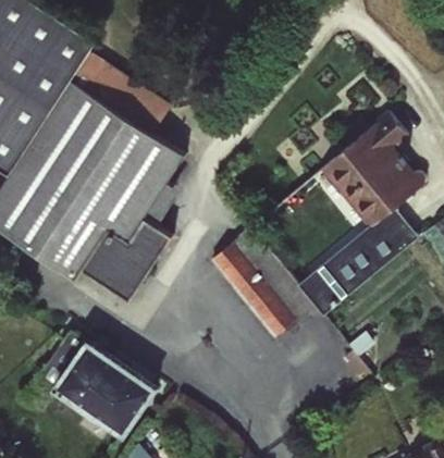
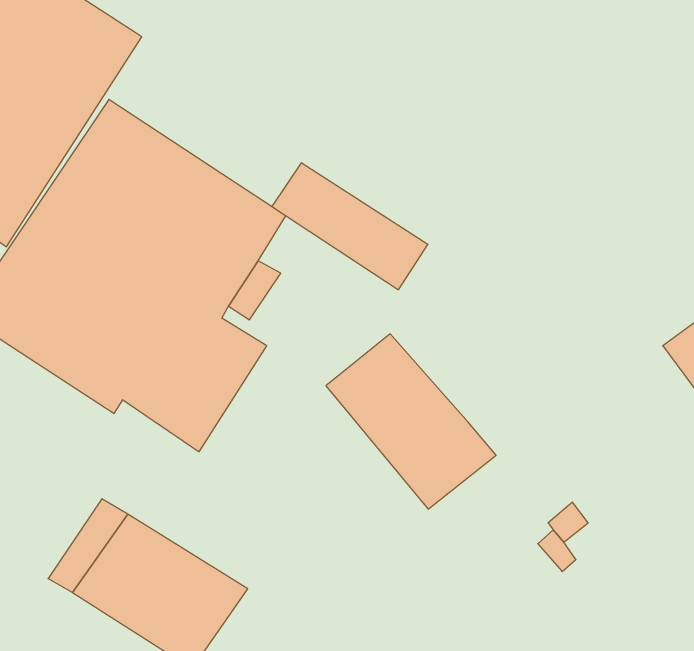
building: [73,53,171,133] -> [272,163,428,290]
building: [298,111,424,314] -> none

